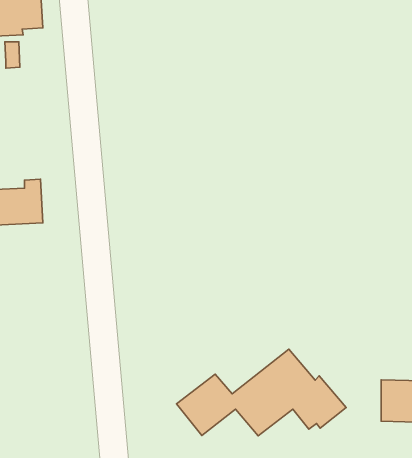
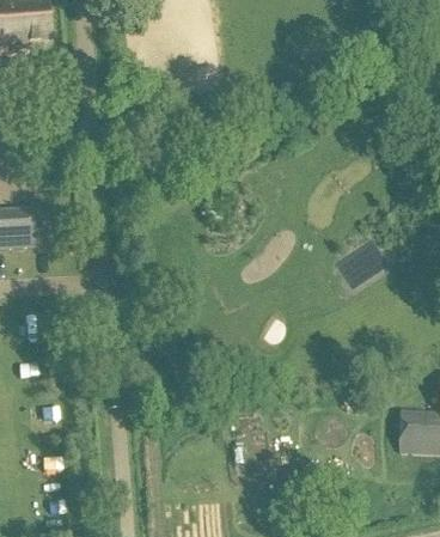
building: [177,349,346,436] -> none

